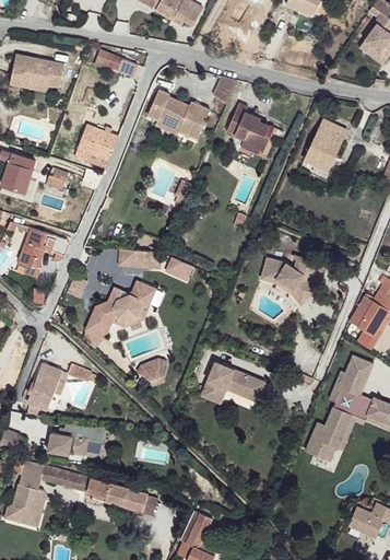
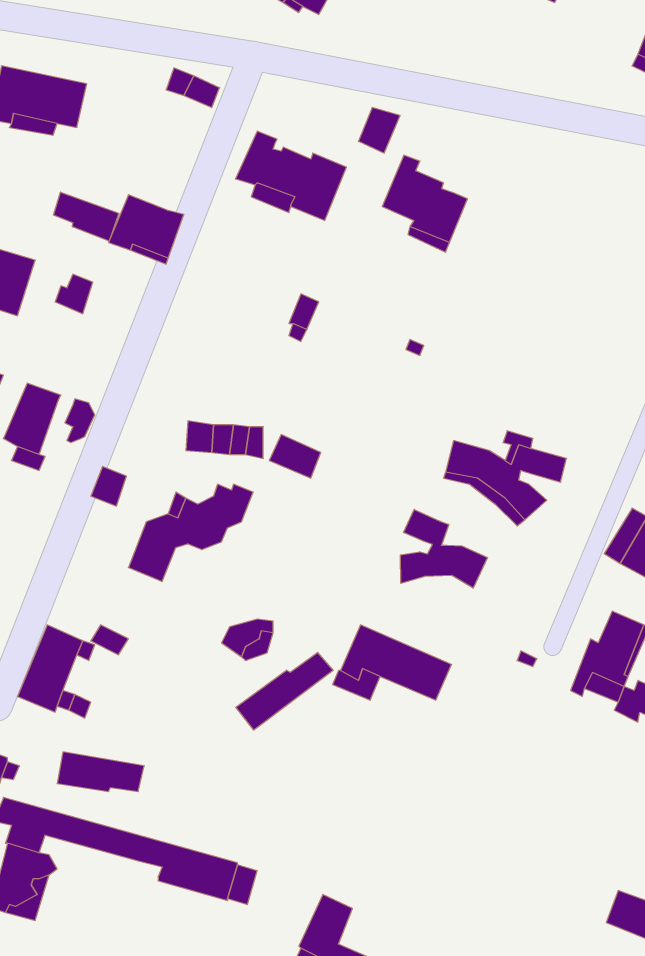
building: [304,119,346,171] -> none
building: none -> [53,192,119,241]
building: none -> [400,509,487,588]
building: none -> [236,652,333,730]
building: [307,402,354,457] -> none

